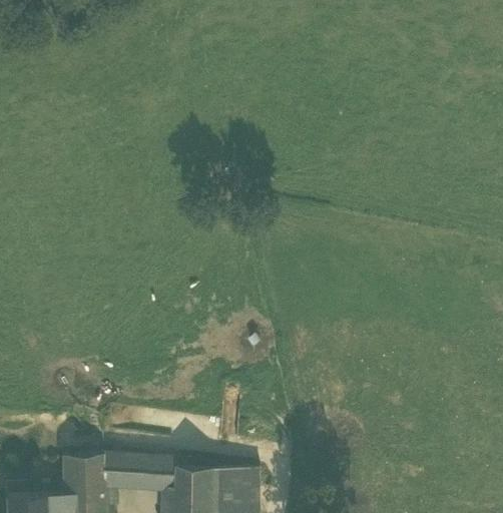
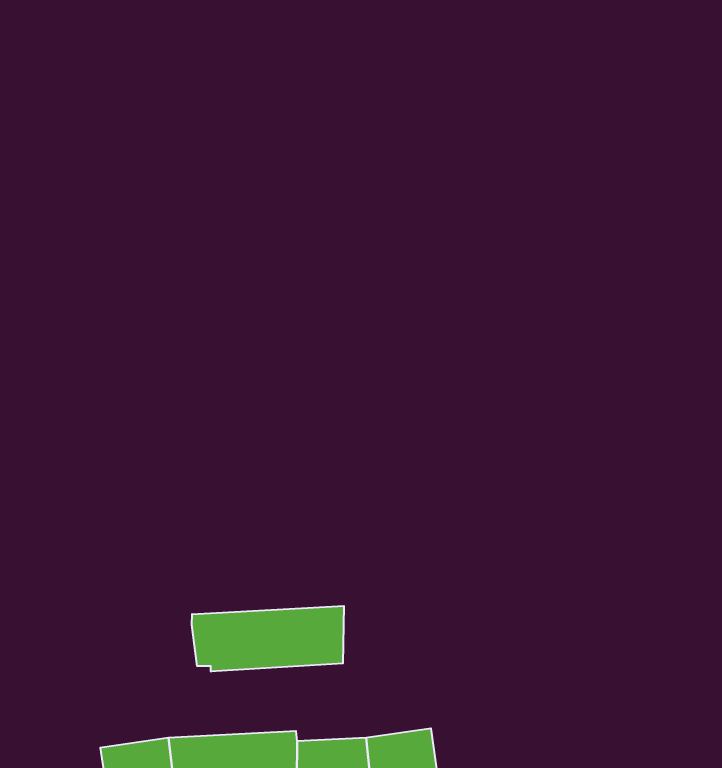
building: none -> [192,606,344,672]

